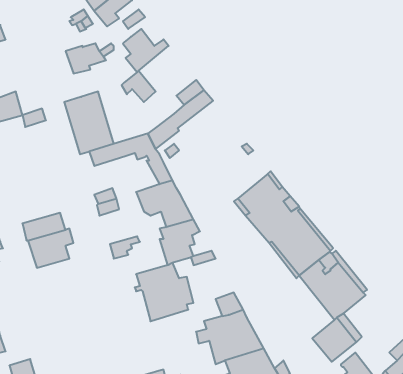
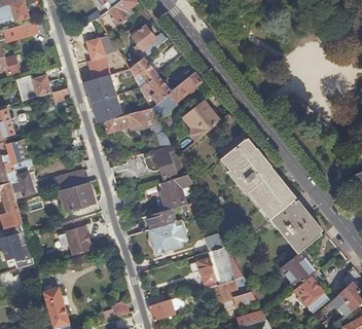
building: none -> [140,74,171,102]
building: none -> [180,102,220,141]
building: none -> [62,218,92,256]

